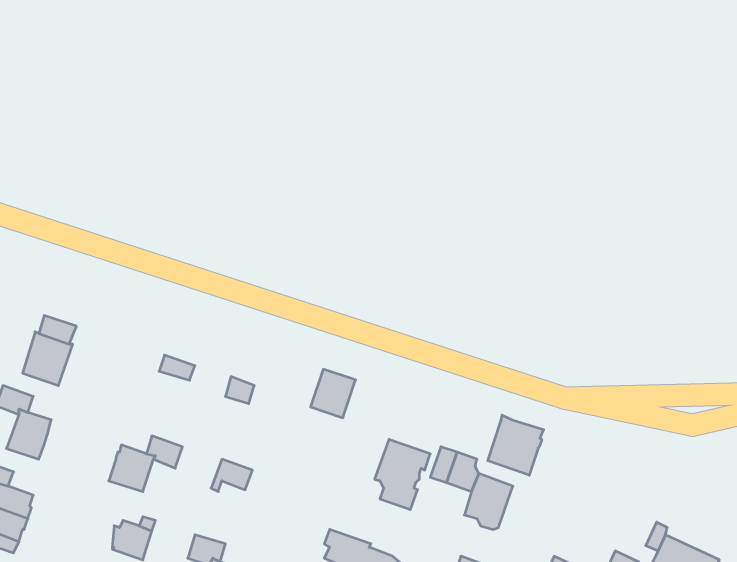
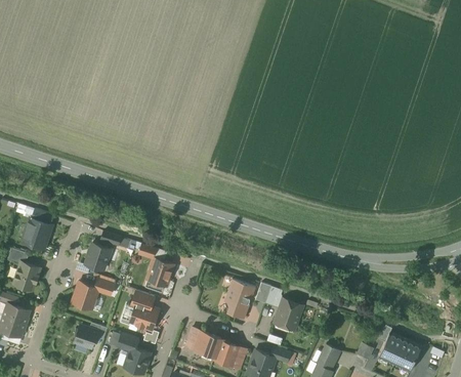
building: [311,369,356,418] -> [149,259,174,287]
building: none -> [86,244,111,271]
building: [488,415,544,475] -> none
building: none -> [132,303,158,331]

